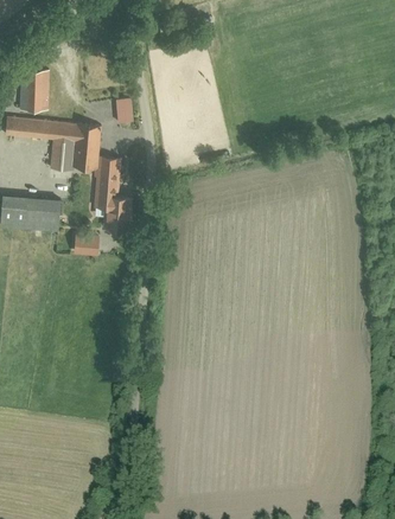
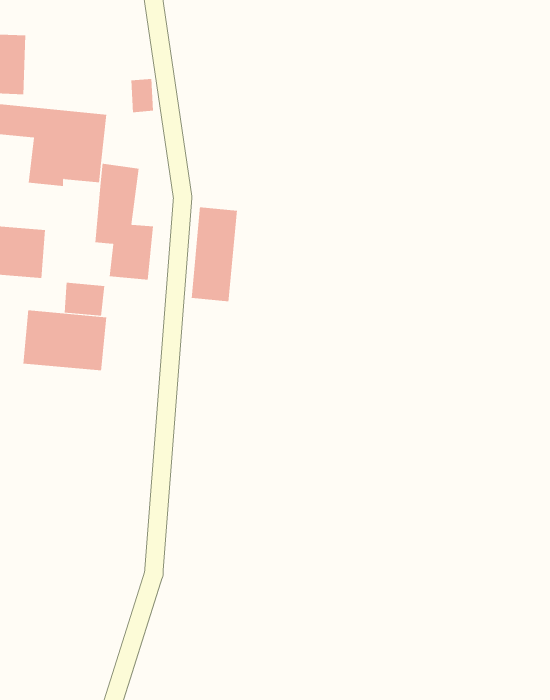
building: none -> [191,206,237,302]
building: none -> [23,310,107,371]

